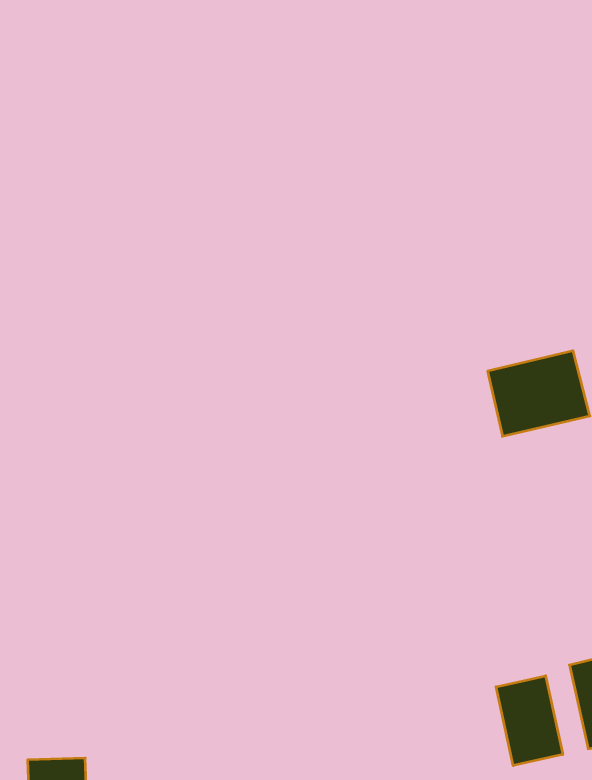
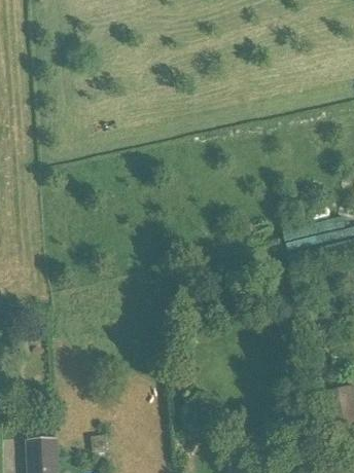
building: [496,676,563,766] -> none

